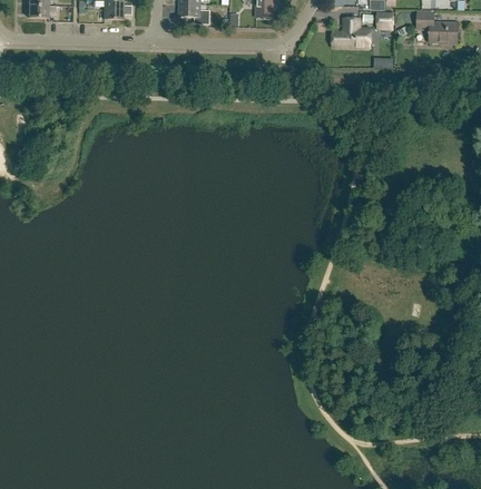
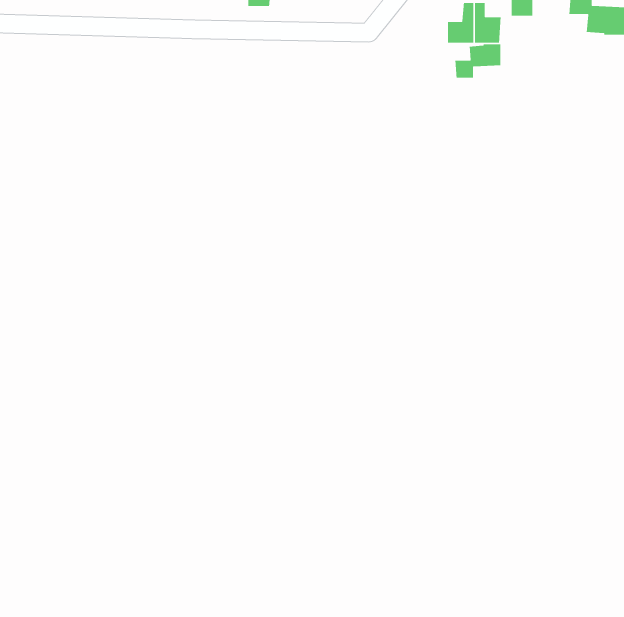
building: none -> [454,44,501,78]

